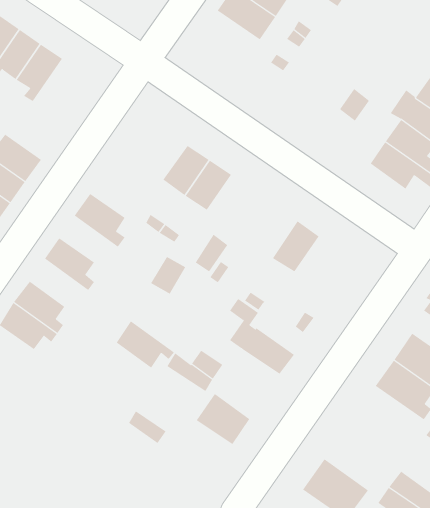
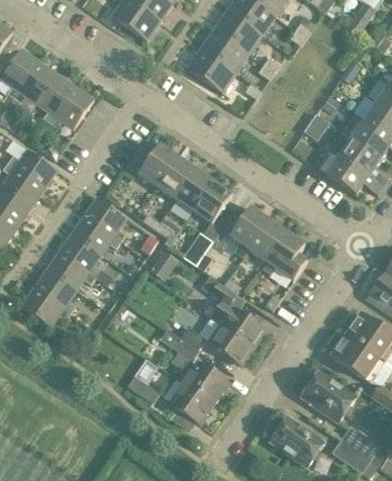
building: none -> [187,47,236,91]
building: none -> [45,87,93,131]
building: none -> [127,142,177,186]
building: none -> [193,182,231,224]
building: none -> [219,207,267,256]
building: none -> [72,215,120,254]
building: none -> [263,232,305,281]
building: [116,320,175,368] -> [47,251,96,290]
building: none -> [210,324,253,363]
building: none -> [302,370,356,420]
building: none -> [170,383,214,423]

